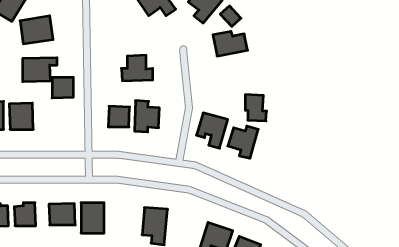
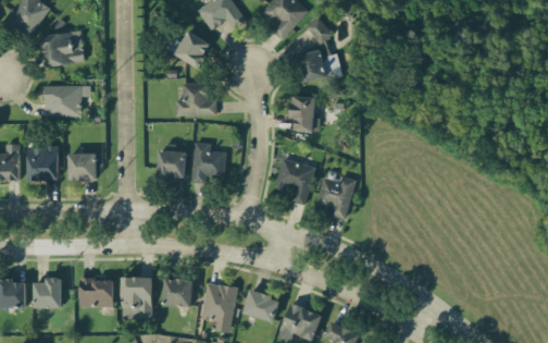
building: none -> [175,32,212,69]
building: [52,77,73,98] -> [68,154,97,181]
building: [245,95,267,121] -> [291,97,320,132]
building: none -> [164,279,192,307]
building: none -> [244,292,279,321]

